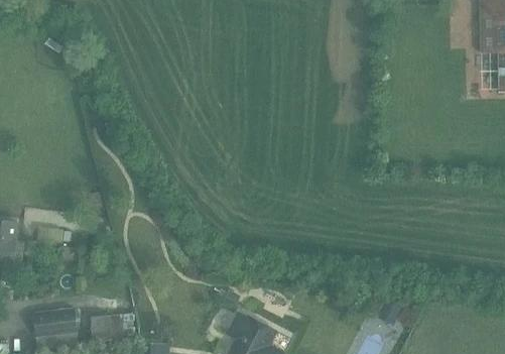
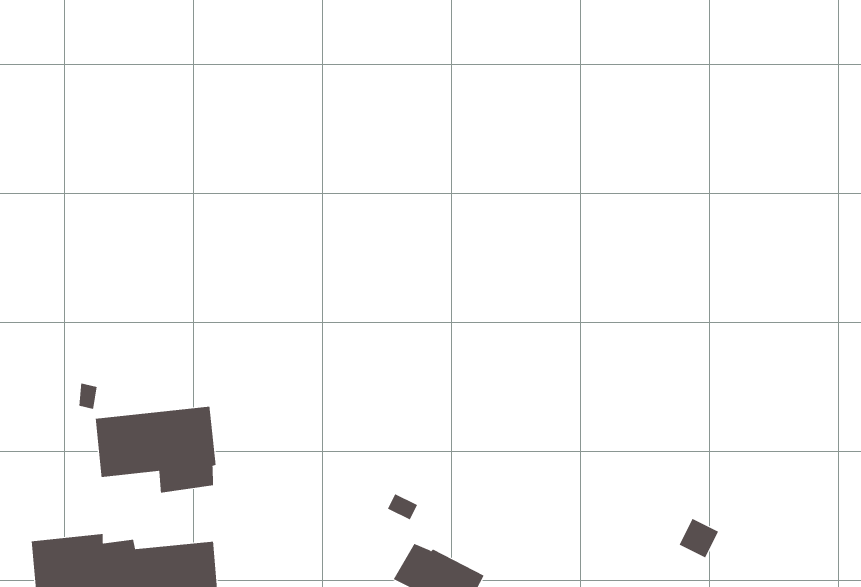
building: none -> [95,406,216,493]

